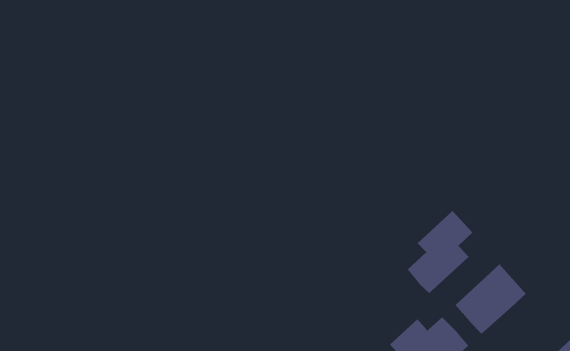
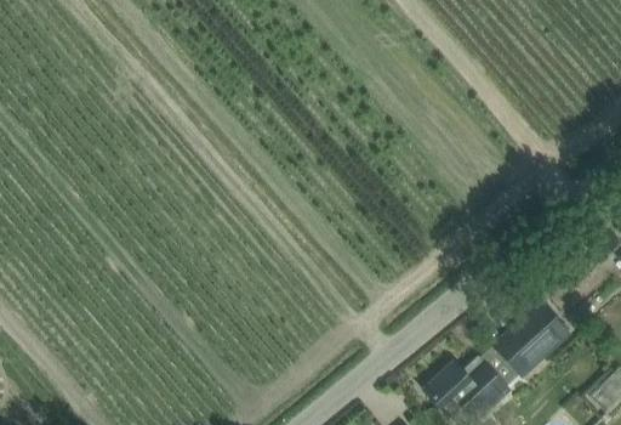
building: [407,210,473,294] -> none

